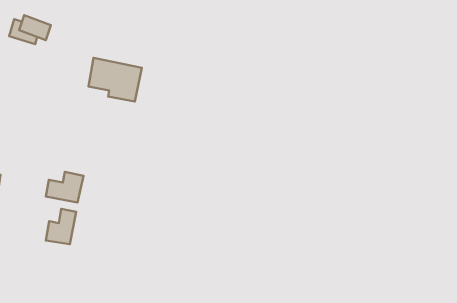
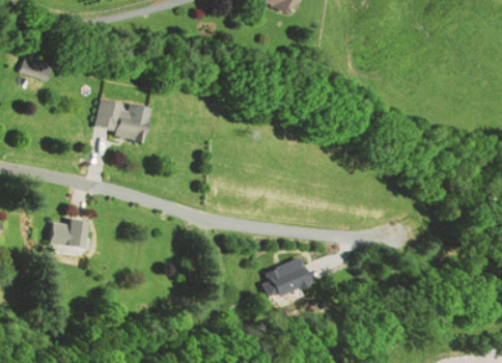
building: [46,209,76,244] -> none
building: none -> [264,258,311,298]

